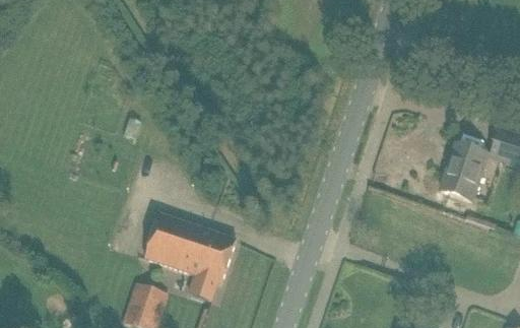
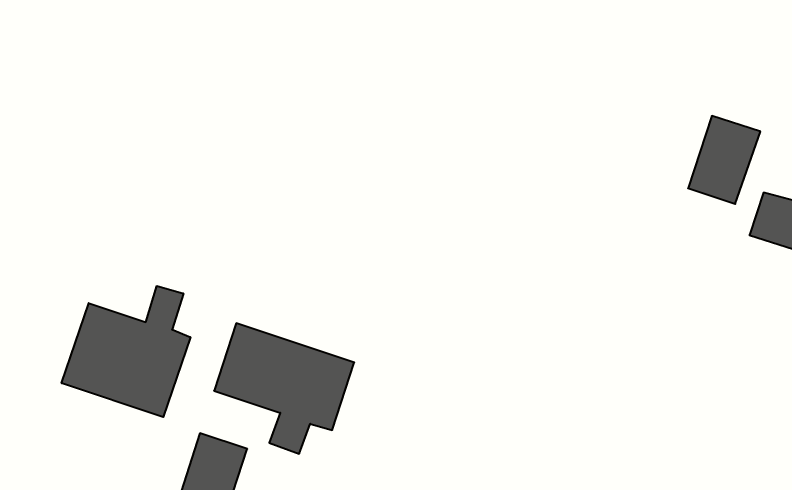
building: [441,143,488,200] -> [688,116,760,204]
building: none -> [62,286,190,417]

